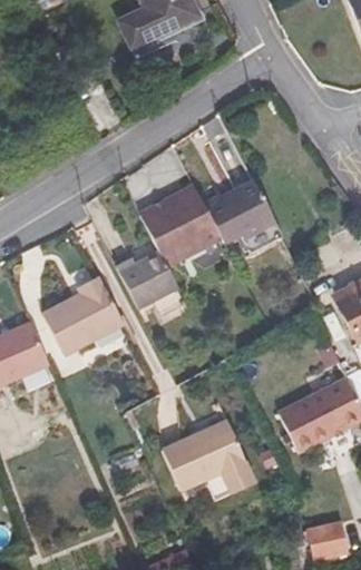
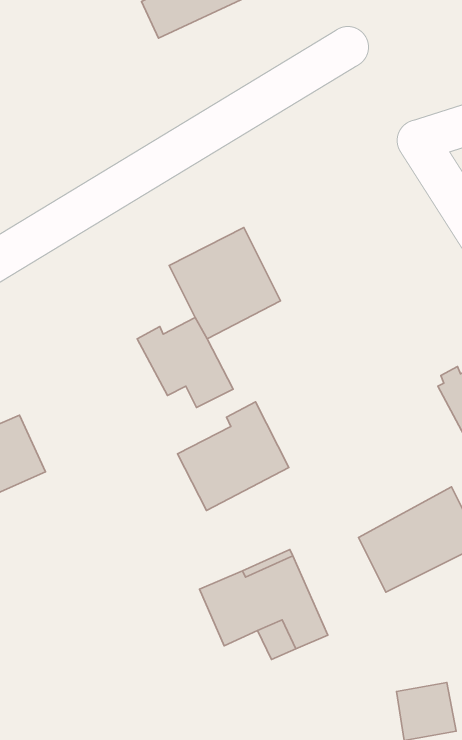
building: [204,179,274,243] -> none
building: [42,275,124,354] -> [178,402,289,510]

